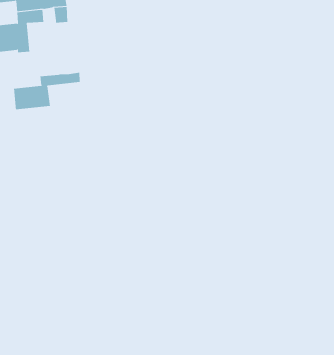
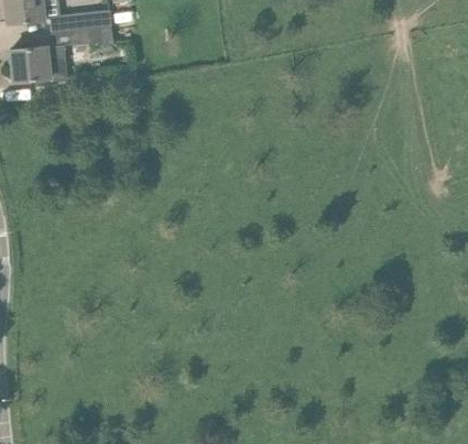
building: [13,72,80,110] -> none

